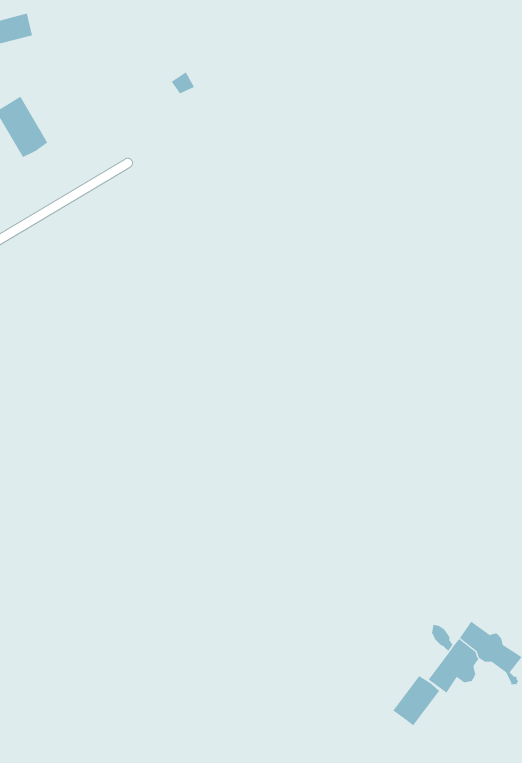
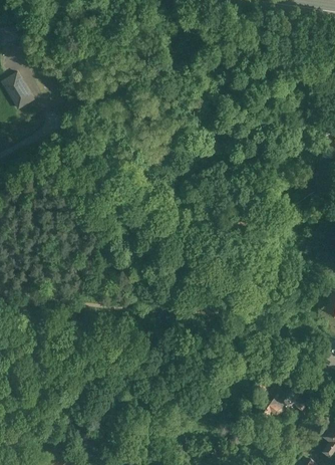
building: [393,675,440,726] -> none

